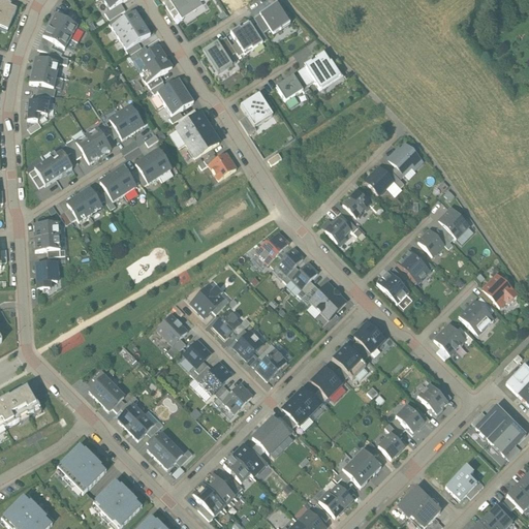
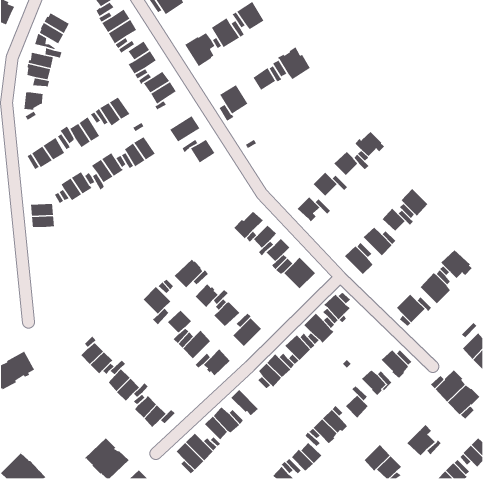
building: [176,112,210,142] -> none
building: [36,261,57,285] -> none
building: [261,415,292,447] -> none
building: [57,442,105,492] -> none

